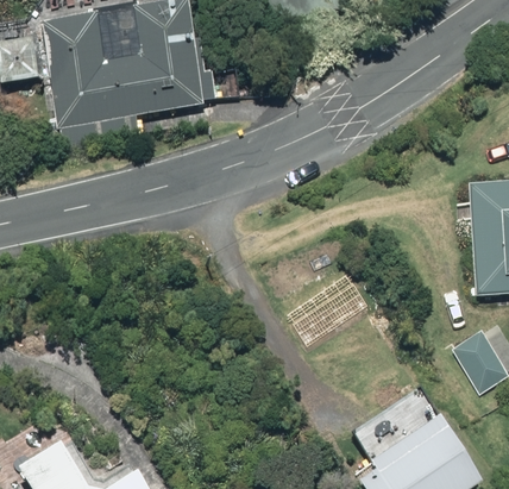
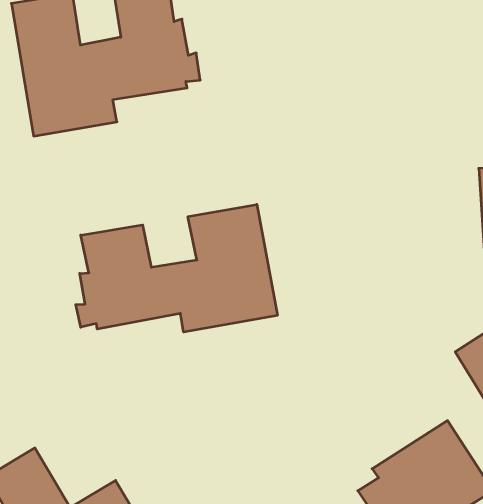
building: none -> [76,204,277,332]

